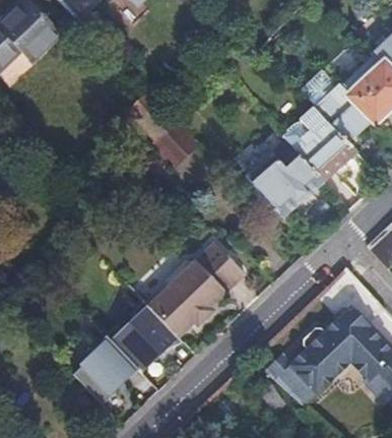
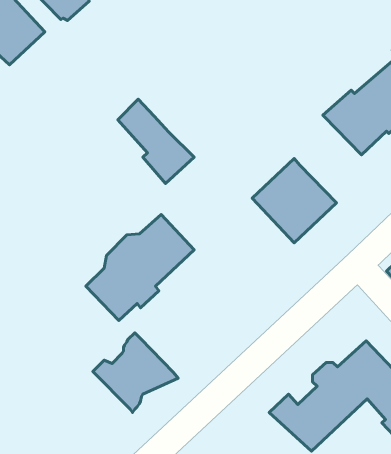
building: [292,106,357,184] -> none
building: [150,241,247,335] -> [86,214,194,320]
building: [75,334,141,402] -> none

